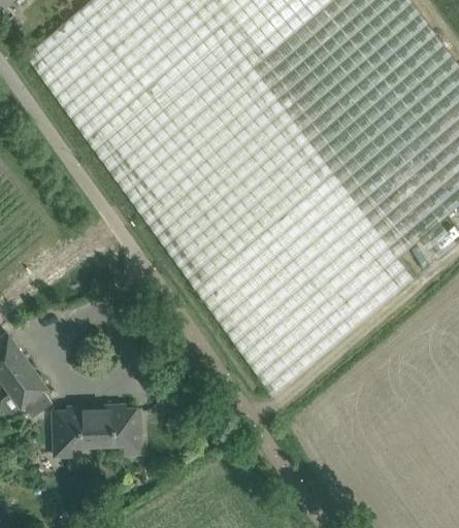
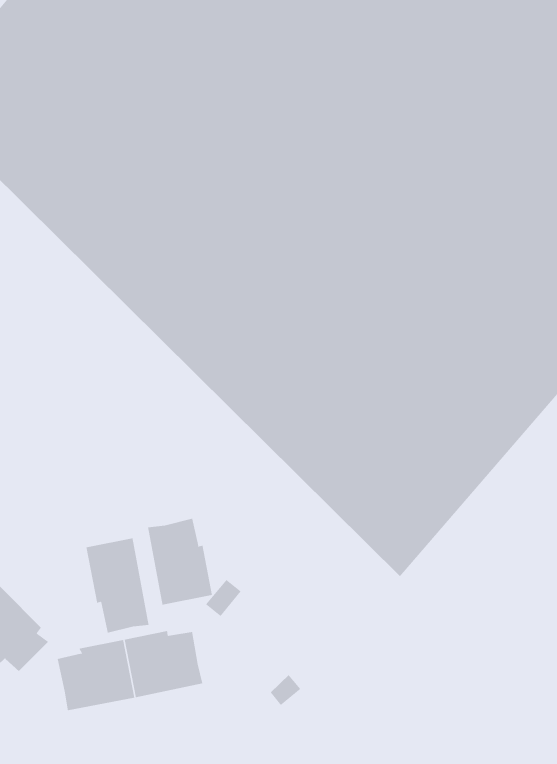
building: none -> [148,518,213,606]
building: none -> [86,537,149,634]

